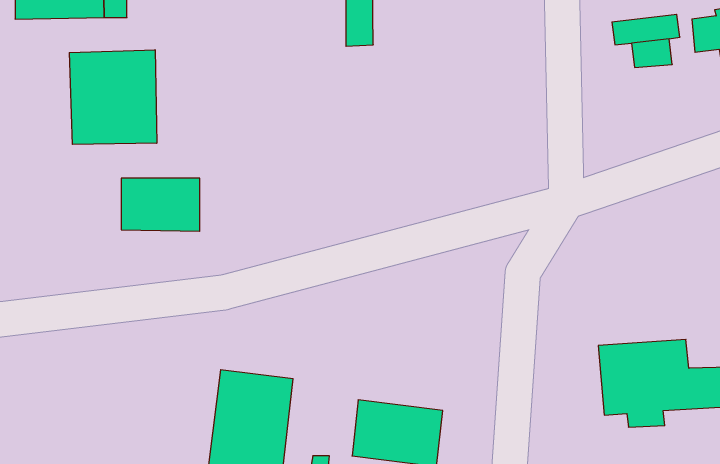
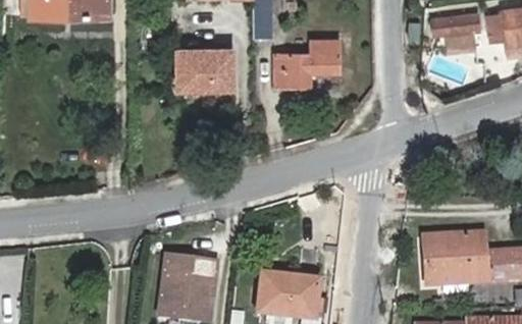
building: [69,50,157,144] -> none
building: none -> [272,39,338,85]
building: [121,178,200,231] -> [176,51,229,87]

